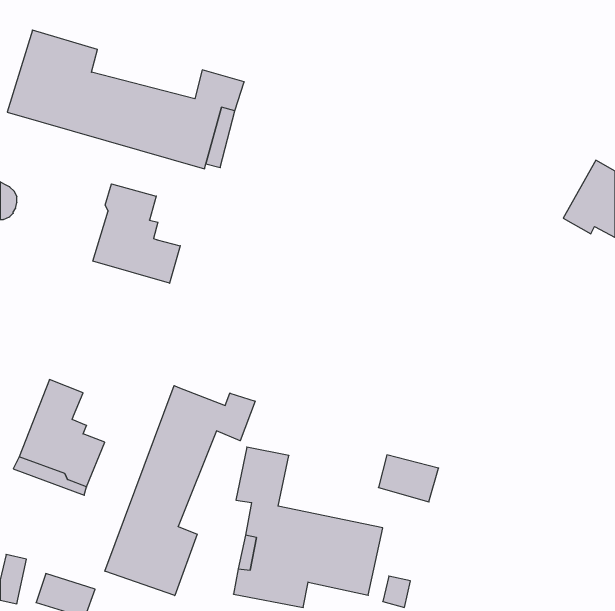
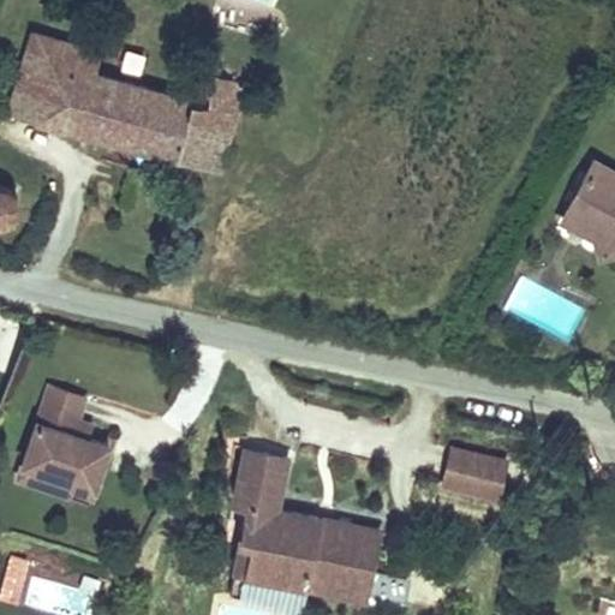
building: [93,184,180,283] -> none
building: [105,386,255,596] -> none
building: [378,455,439,502] -> [447,453,507,500]

